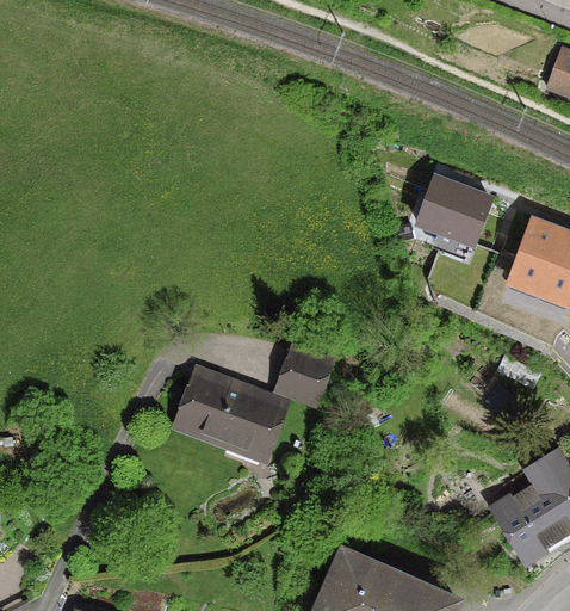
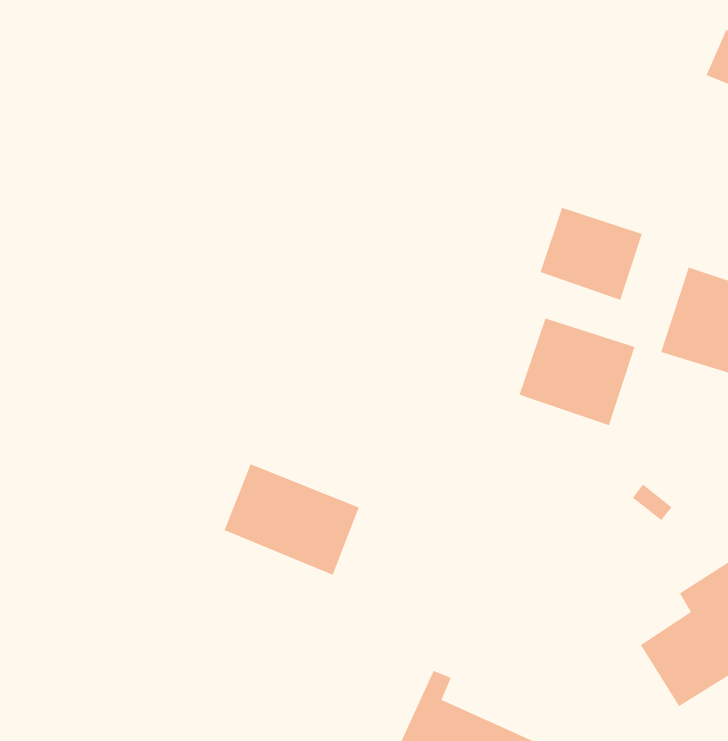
building: none -> [518,317,635,426]
building: [274,348,327,405] -> none

